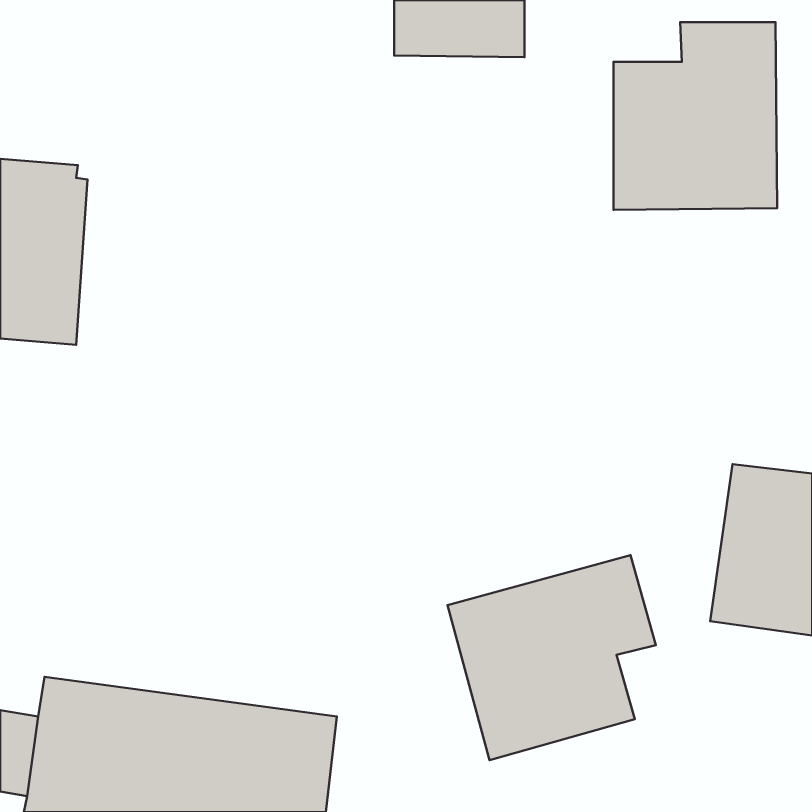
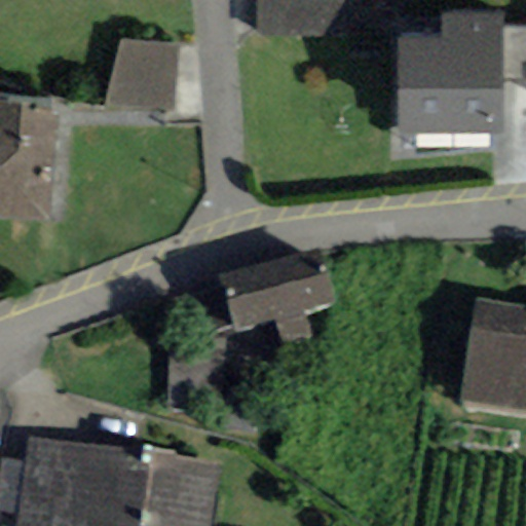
building: none -> [104,40,178,111]
building: none -> [217,249,333,349]
building: [448,555,656,760] -> none

